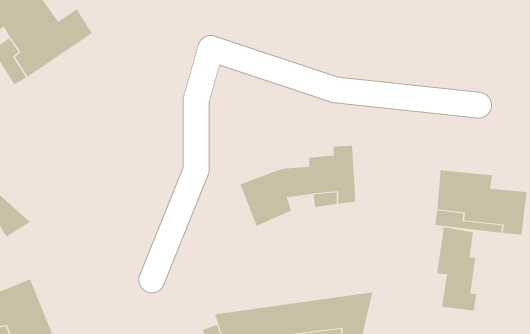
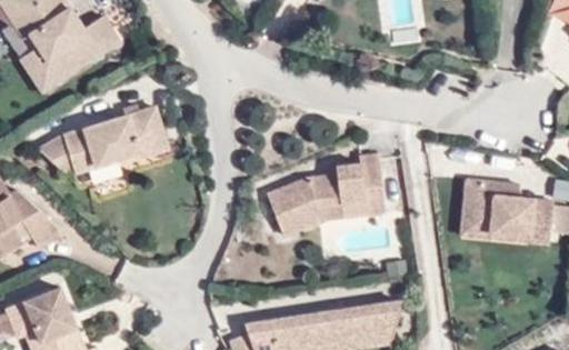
building: none -> [41,104,171,174]
building: [436,226,477,311] -> none

